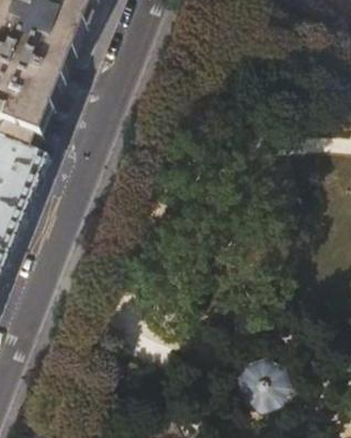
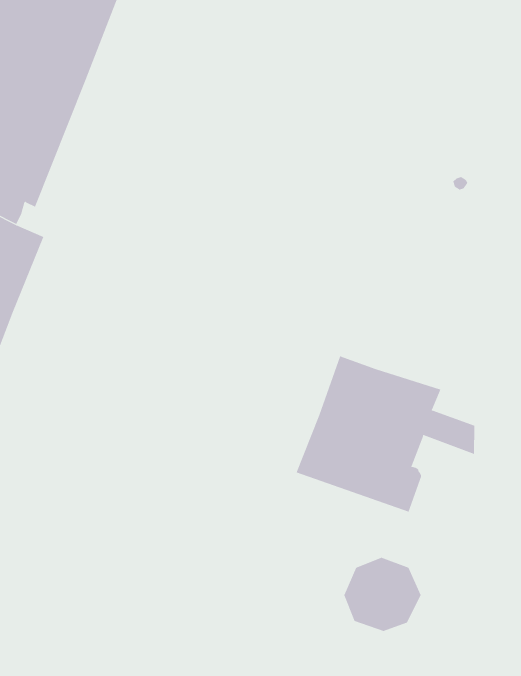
building: none -> [296,356,475,512]

